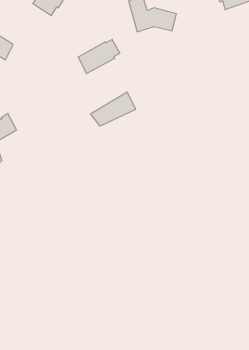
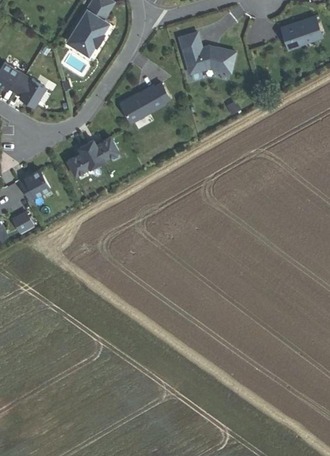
building: [90,92,136,126] -> [66,135,119,175]

